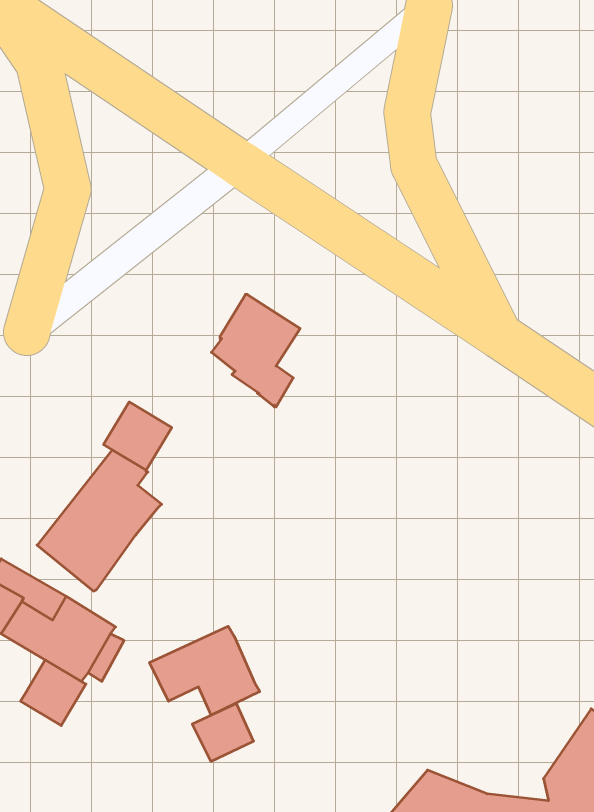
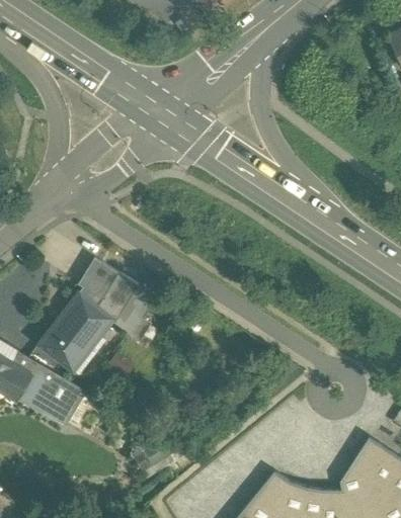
building: [211,294,300,407] -> [98,273,151,340]
building: [150,626,260,715] -> none
building: [21,660,86,726] -> none

